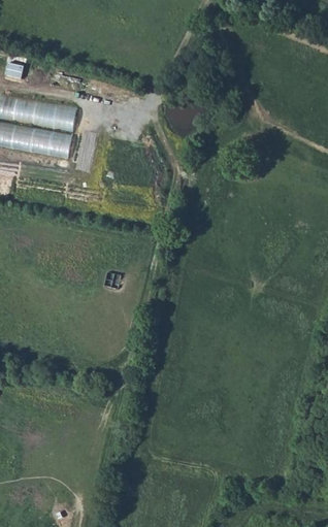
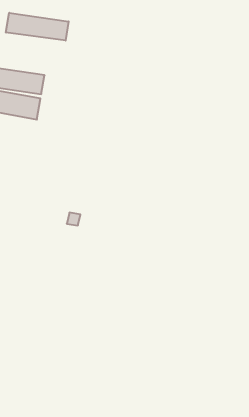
building: none -> [6,13,69,41]

